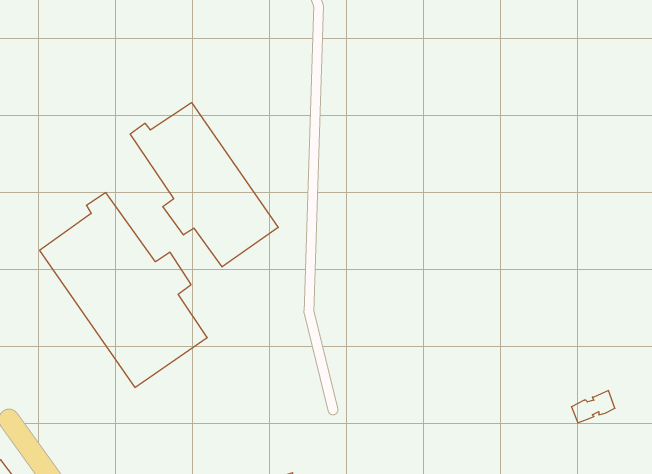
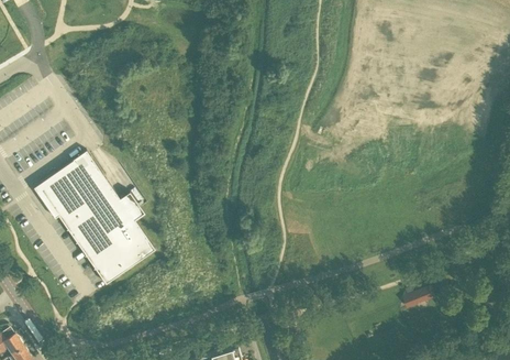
building: [130,103,278,267] -> none

